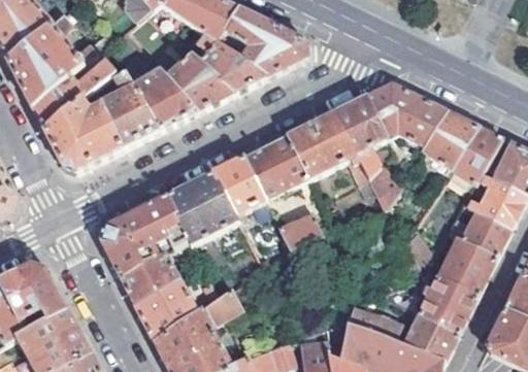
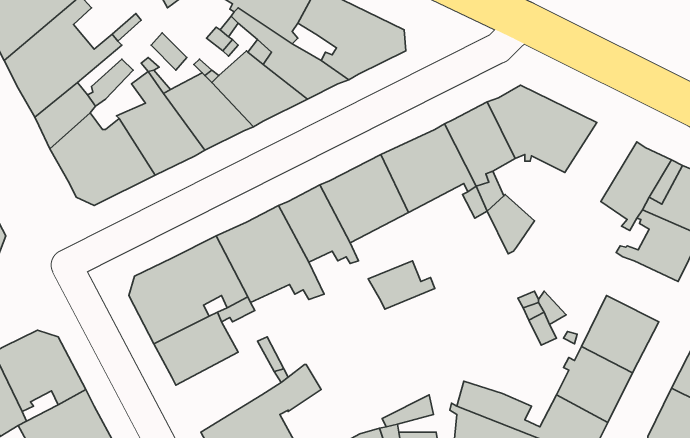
building: [423,109,478,172] -> none
building: [447,212,509,258] -> none
building: [135,280,199,340] -> none

